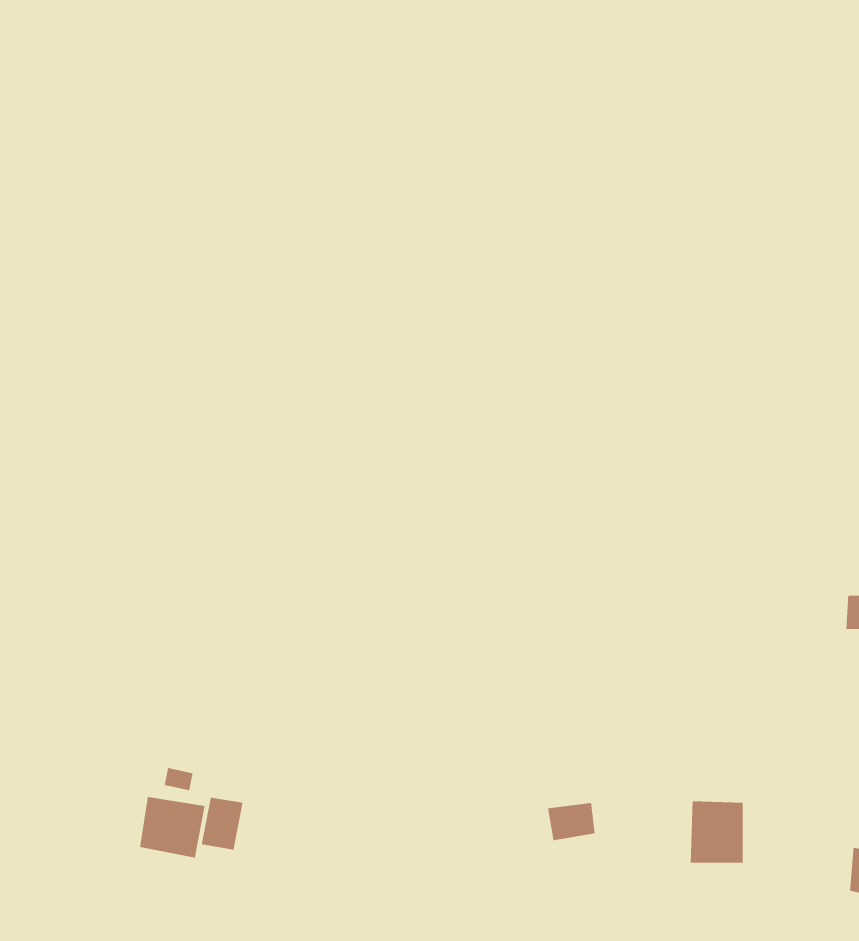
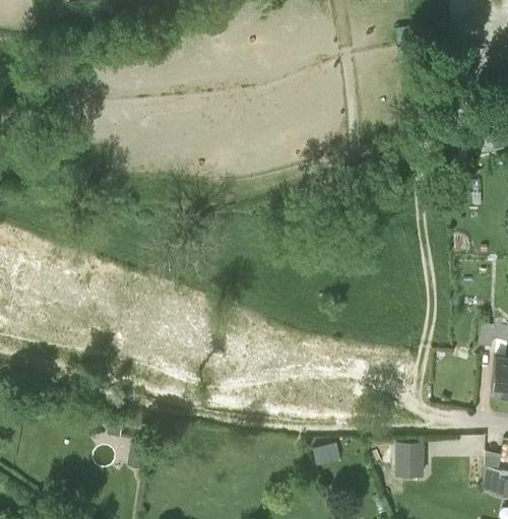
building: [139,796,206,858] -> none

